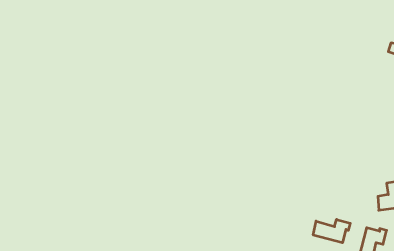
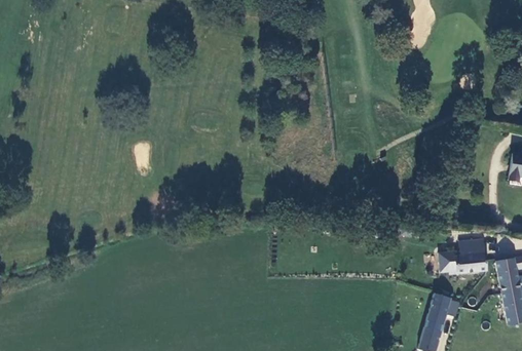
building: [313,219,350,243] -> none

